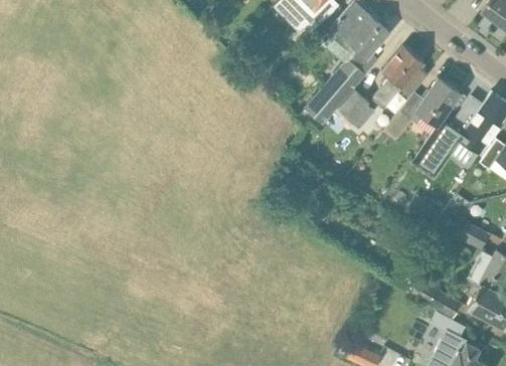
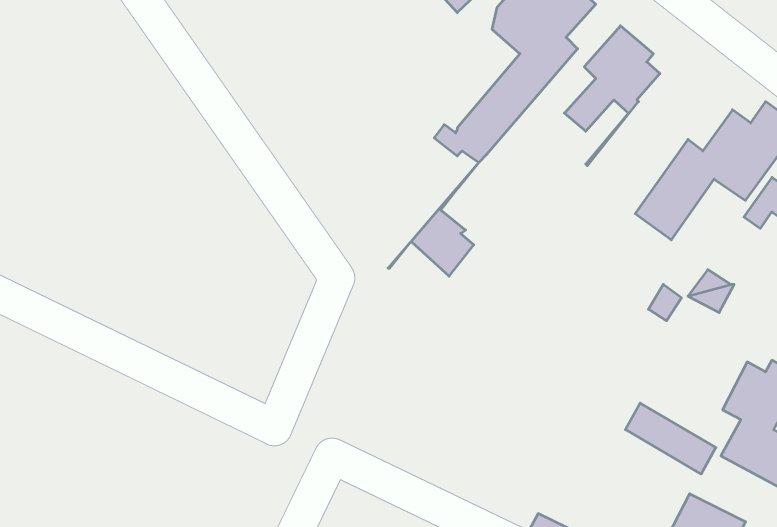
building: [322,59,377,129] -> [388,163,479,276]
building: [376,76,460,144] -> none
building: [457,220,490,249] -> none

